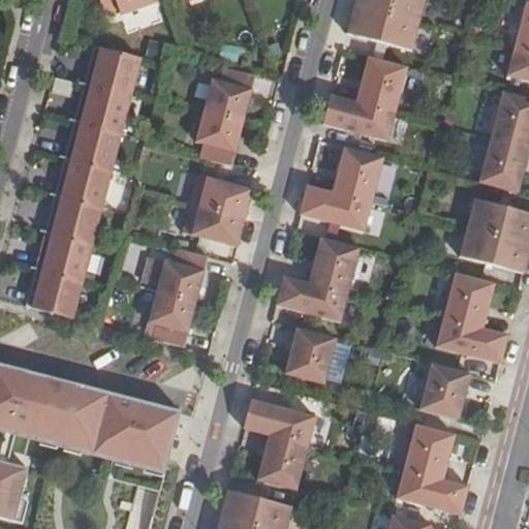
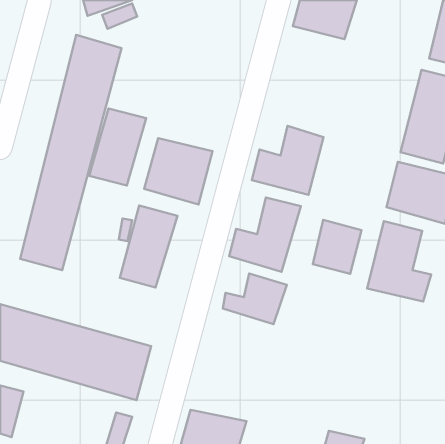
building: [324,56,407,145] -> none
building: [193,71,260,162] -> [89,109,146,186]
building: [416,359,474,423] -> [313,220,362,274]
building: [239,395,316,488] -> none
building: [396,431,469,518] -> none

